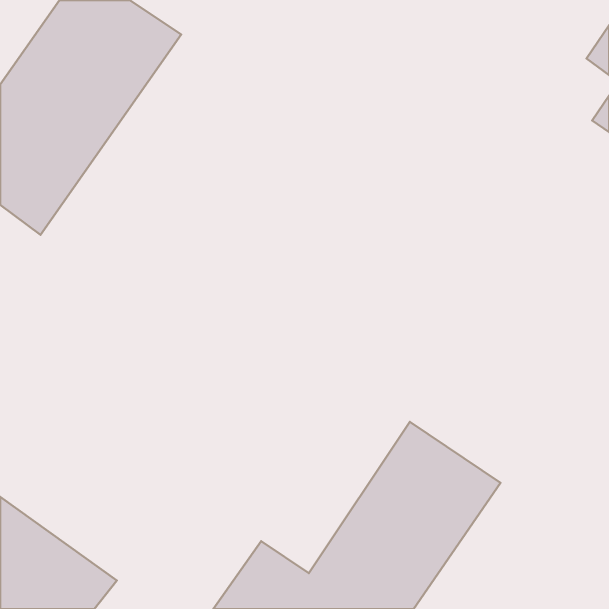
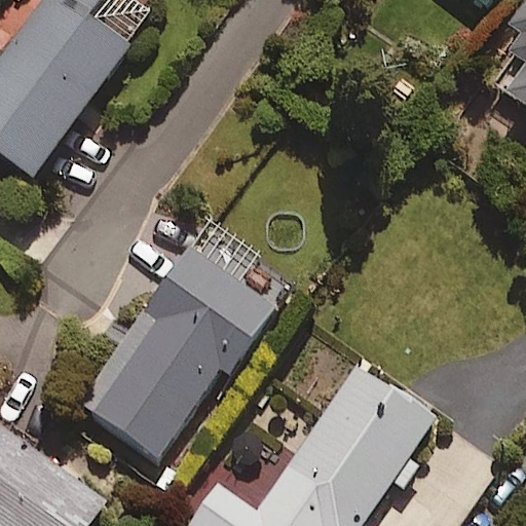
building: none -> [91,254,269,455]

